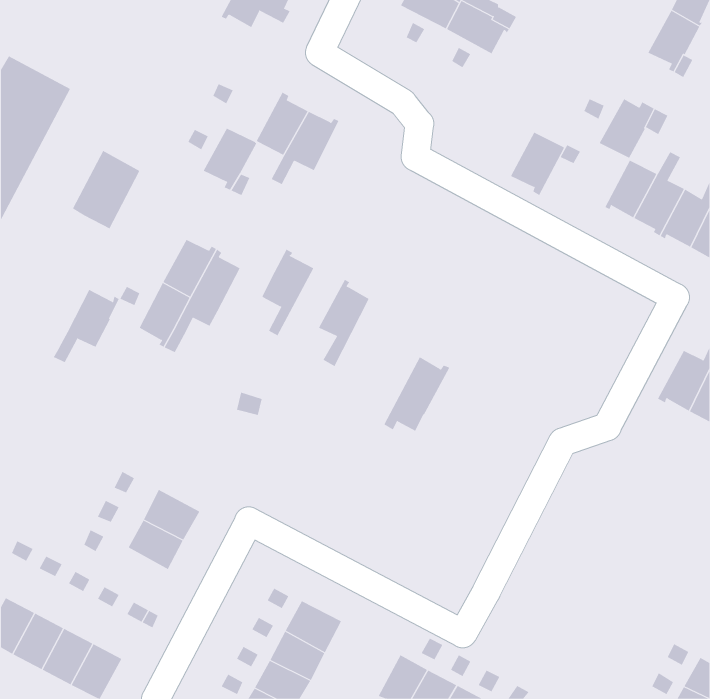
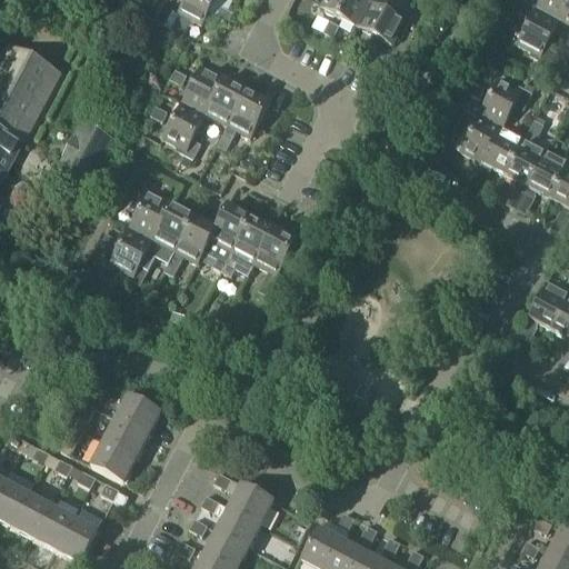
building: none -> [181,64,226,113]
building: [510,132,564,196] -> [460,114,503,166]
building: [53,289,119,363] -> [163,214,217,273]
building: [383,356,450,432] -> [222,214,276,274]
building: none -> [90,438,134,479]

